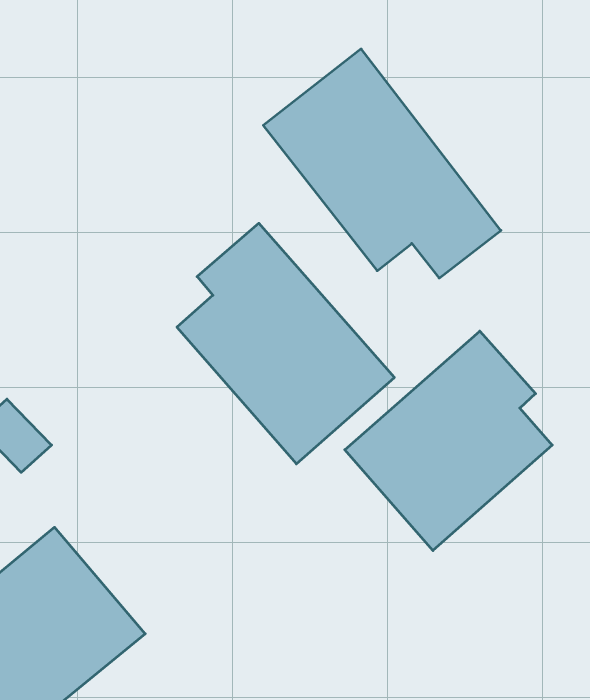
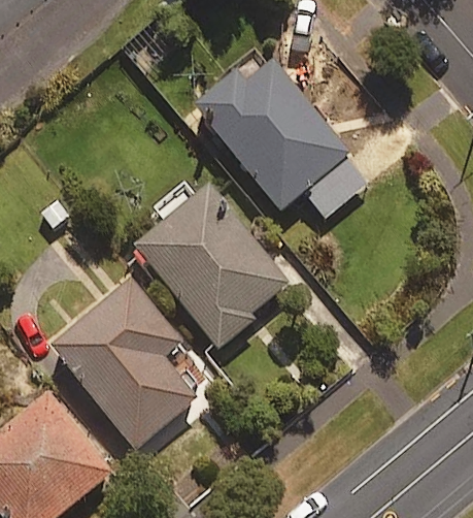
building: [345,331,552,551] -> none
building: none -> [52,281,195,448]

